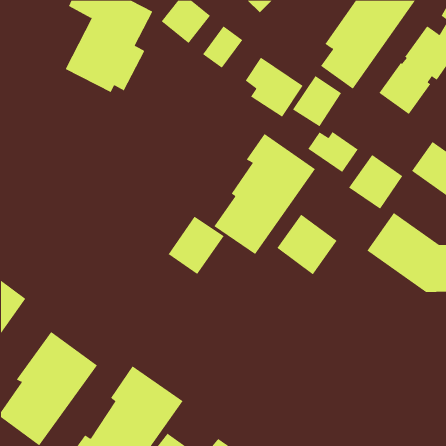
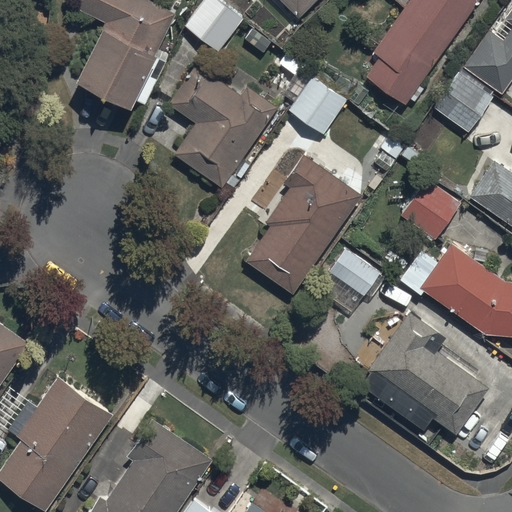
building: none -> [169,65,278,186]
building: [292,75,342,127] -> none
building: [307,131,358,173] -> none
building: [168,216,225,275] -> none
building: none -> [358,312,489,435]

